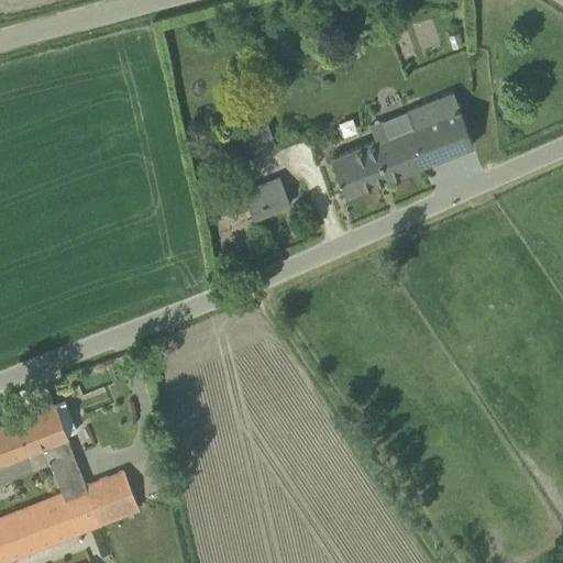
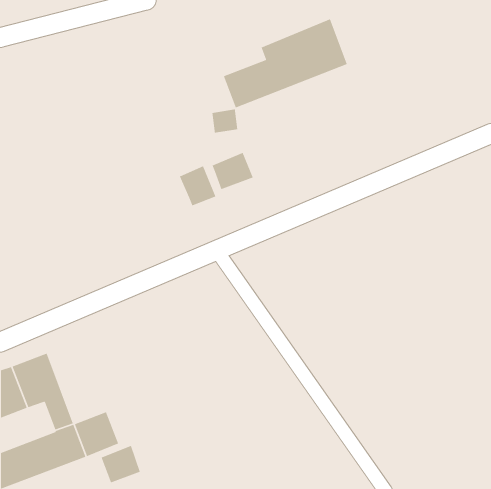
building: [330,93,473,197] -> [223,18,348,109]
building: none -> [179,165,217,206]
building: none -> [100,445,141,484]

